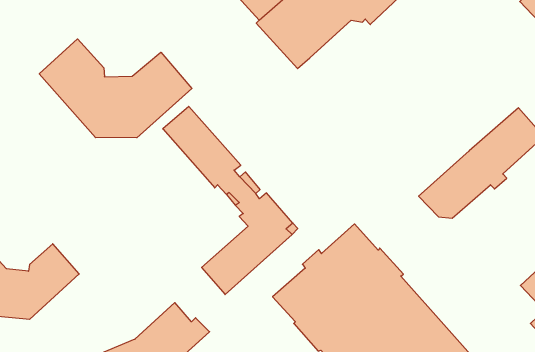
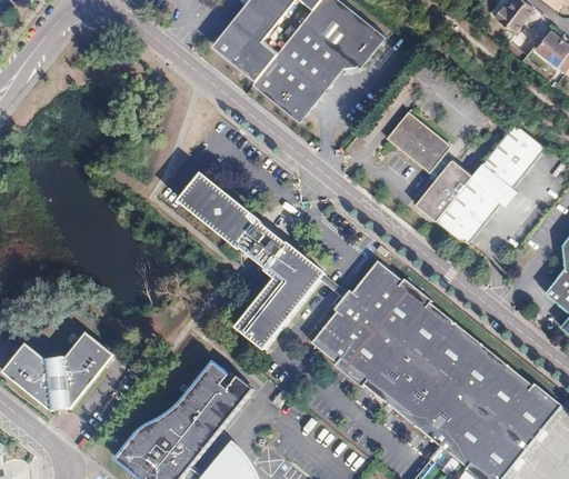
building: [39,39,192,138] -> none
building: none -> [386,108,473,218]

